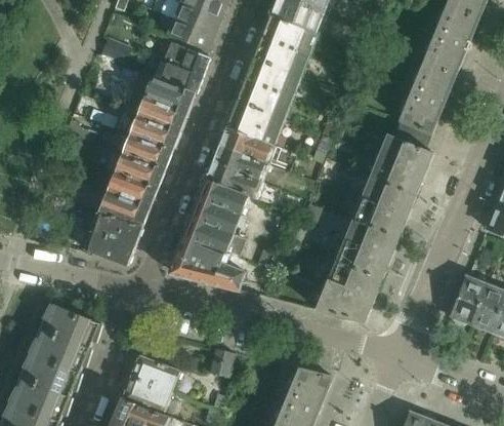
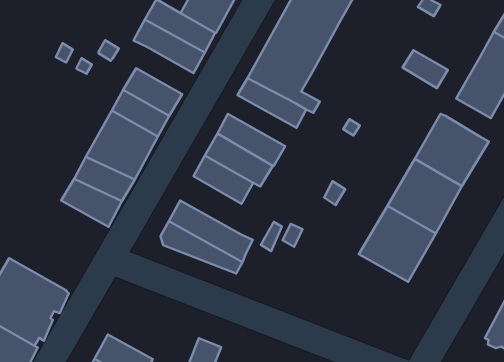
building: [132,112,180,147] -> none
building: [393,120,431,149] -> [402,50,448,88]
building: [213,142,271,179] -> none
building: [183,214,246,257] -> none
building: [317,260,381,320] -> none

